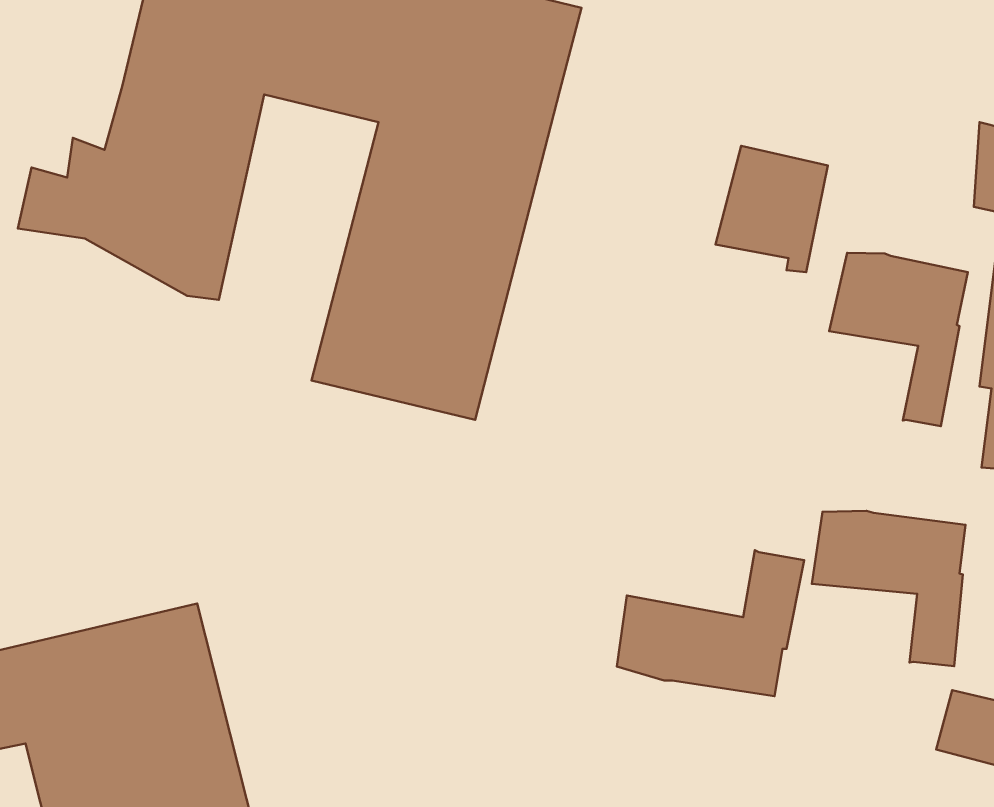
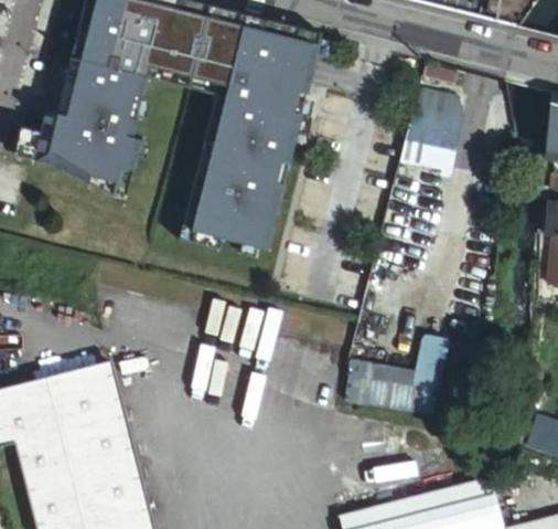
building: [829,253,968,426] -> none
building: [812,511,965,666] -> none

